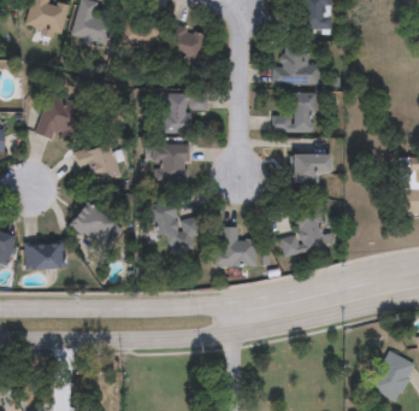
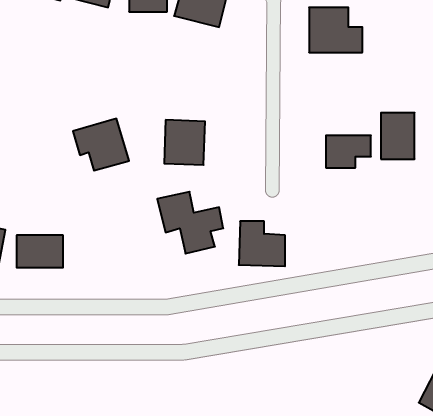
building: [164,92,207,133] -> none
building: [288,92,317,131] -> [381,113,415,159]
building: [33,99,84,141] -> none
building: [70,200,122,254] -> none
building: [279,209,324,257] -> none

